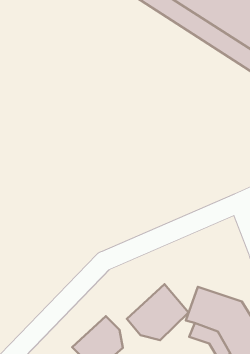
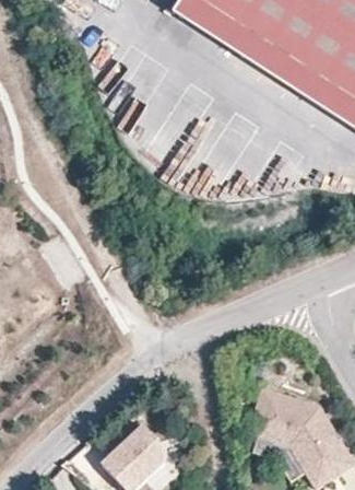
building: [127,284,189,340] -> none

